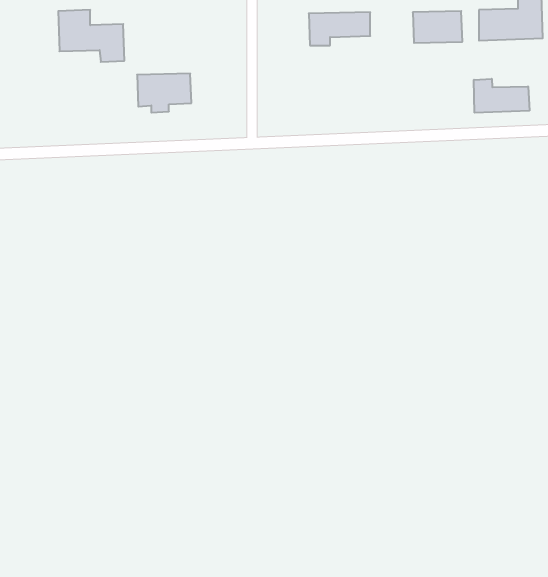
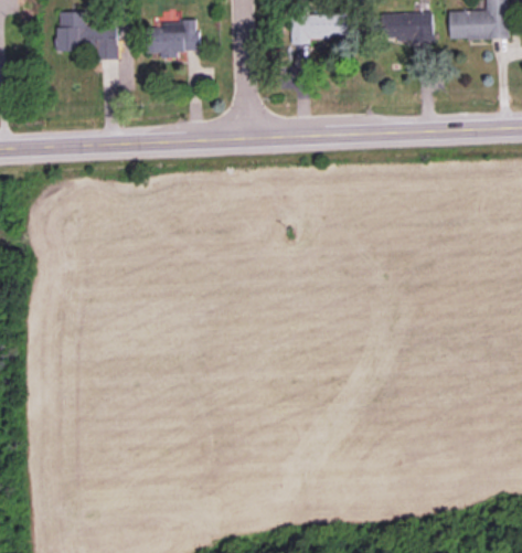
building: [137,74,191,113] -> [148,22,199,59]
building: [474,79,529,113] -> none

